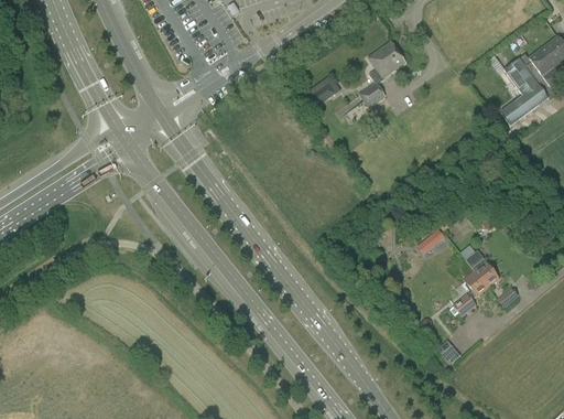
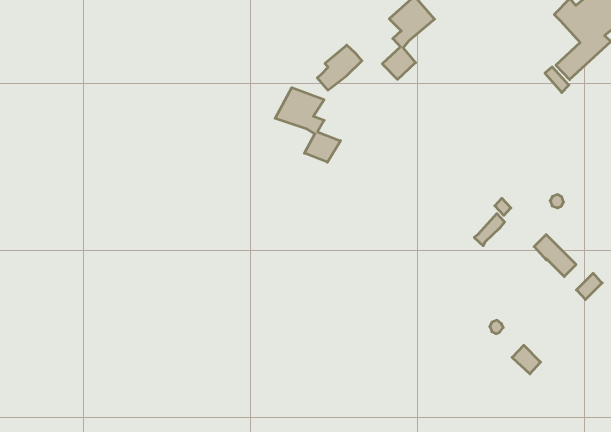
building: none -> [275,88,341,162]
building: [449,269,487,314] -> none

